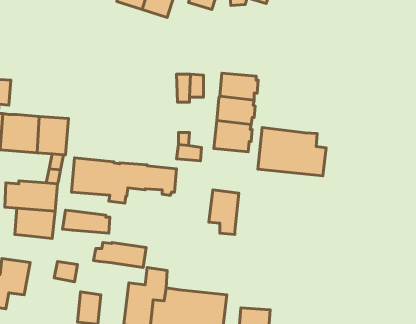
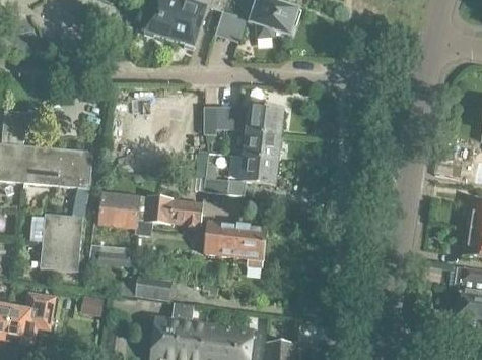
building: [258,128,326,176] -> none
building: none -> [205,220,238,255]

